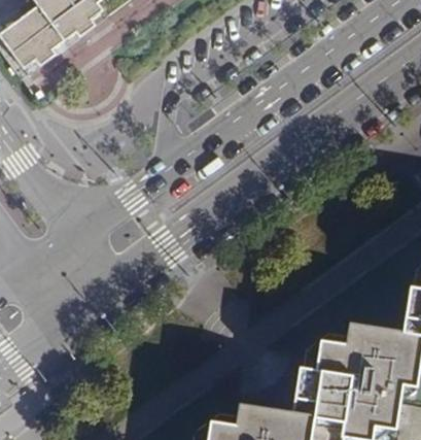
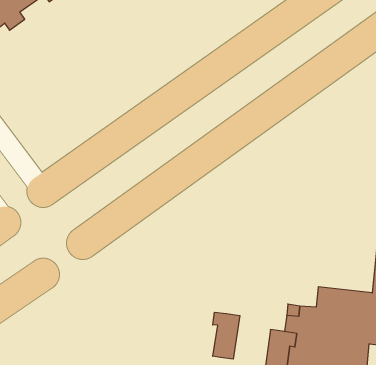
building: none -> [213,312,240,359]

